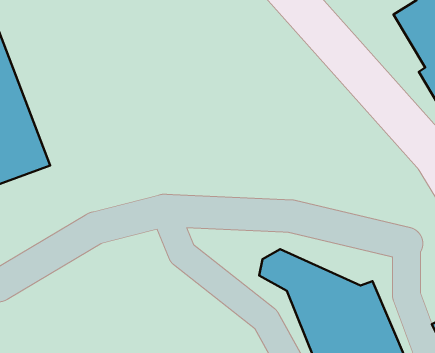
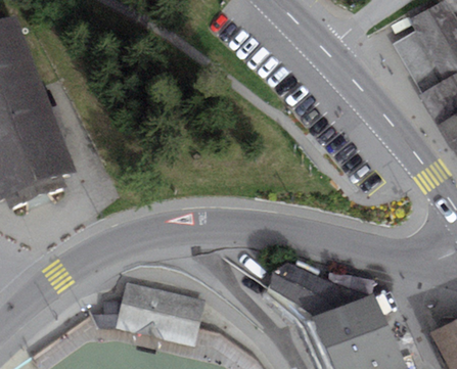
building: none -> [116,281,204,344]

